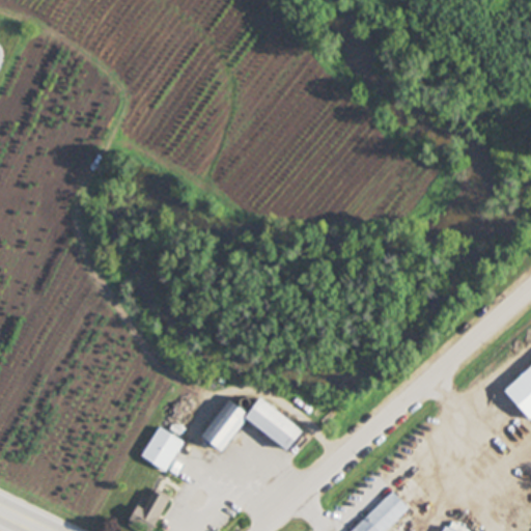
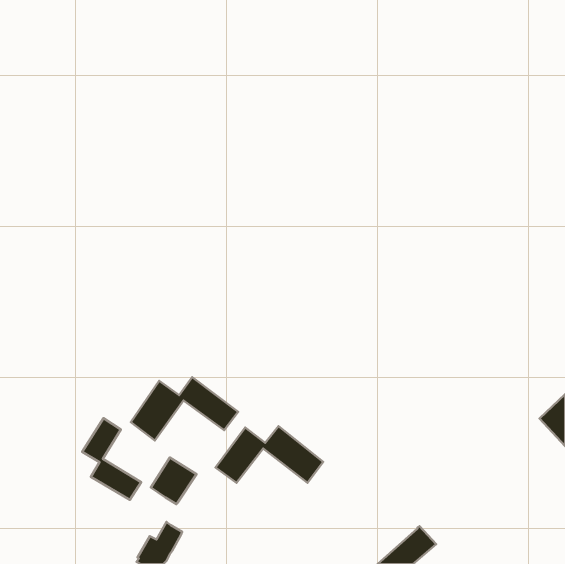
building: none -> [131,377,238,441]
building: none -> [82,418,141,500]

